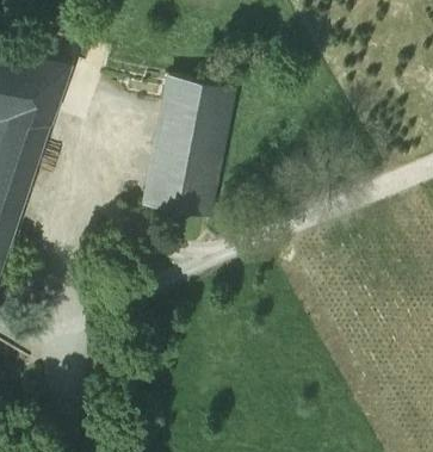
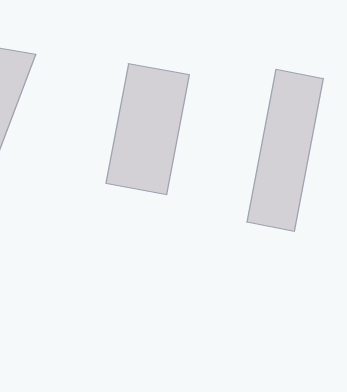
building: none -> [247,69,323,231]

